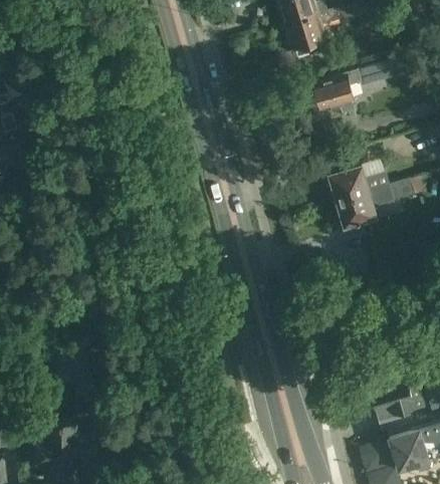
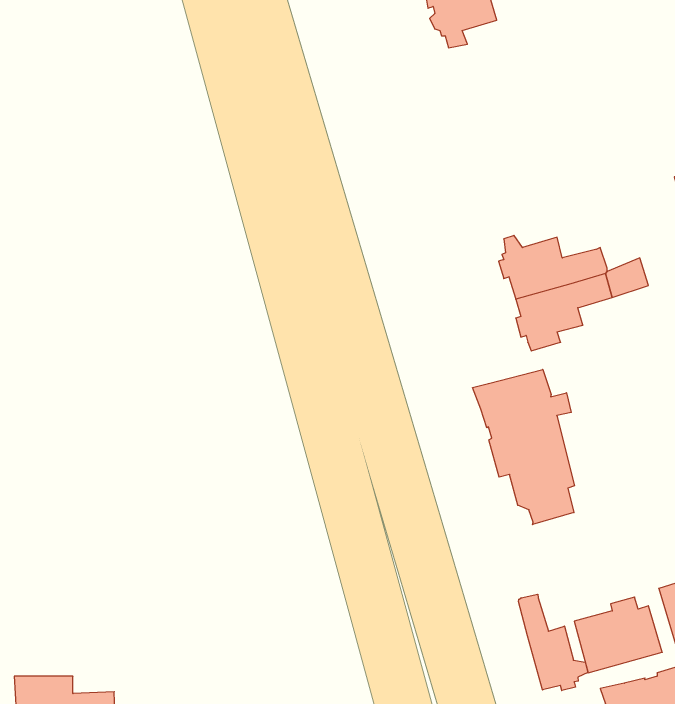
building: [312,66,383,115] -> none
building: none -> [473,369,575,525]
building: none -> [518,594,588,691]

